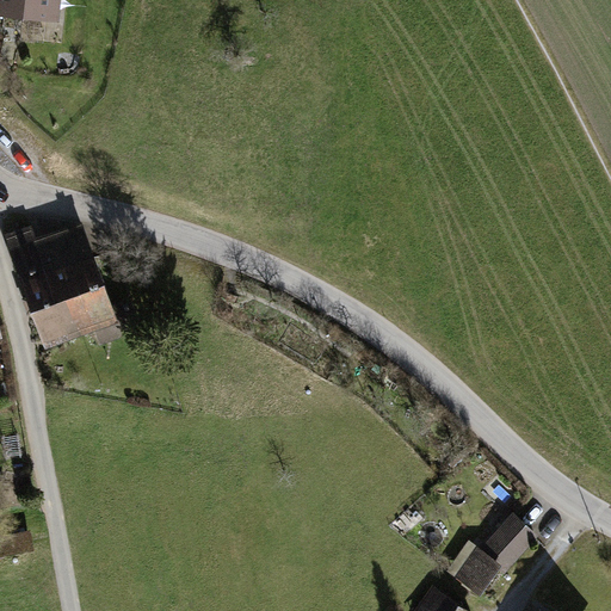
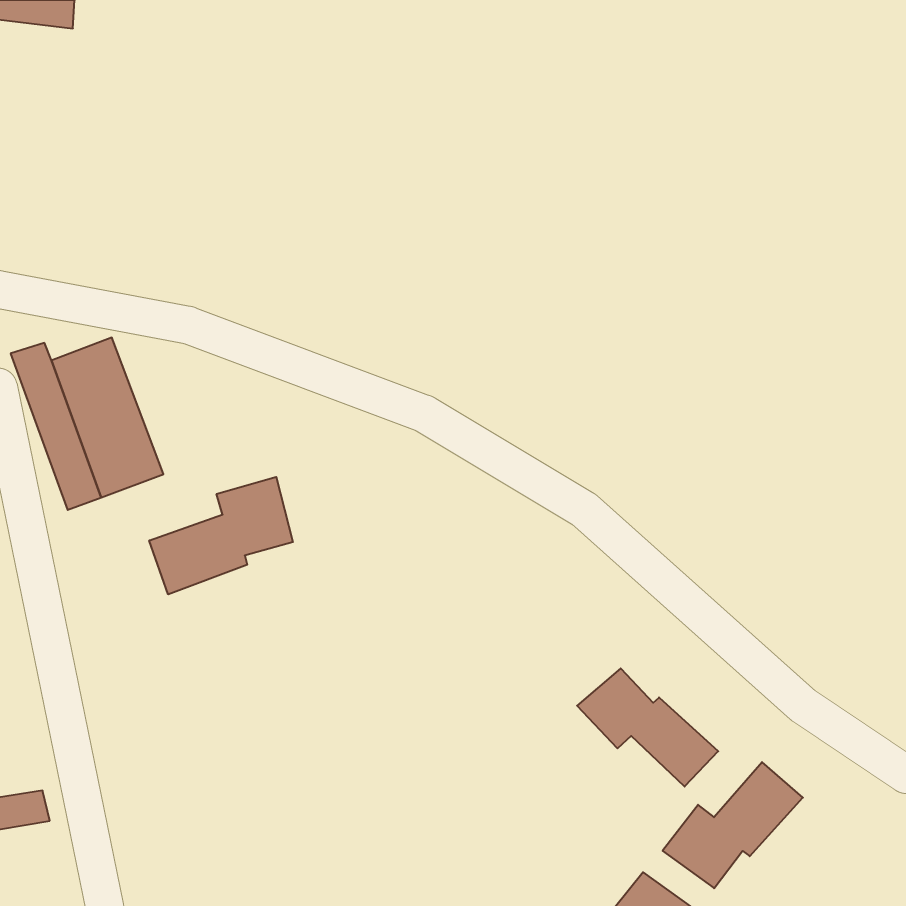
building: none -> [149,477,293,594]
building: none -> [577,668,718,787]

